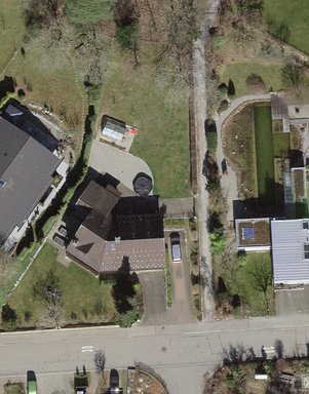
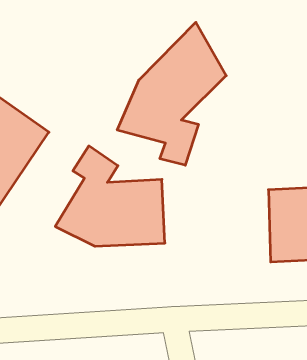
building: none -> [117,22,226,165]

